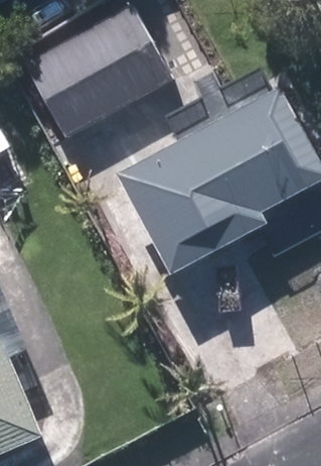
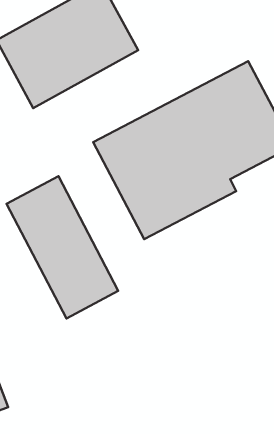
building: none -> [7,176,118,318]

